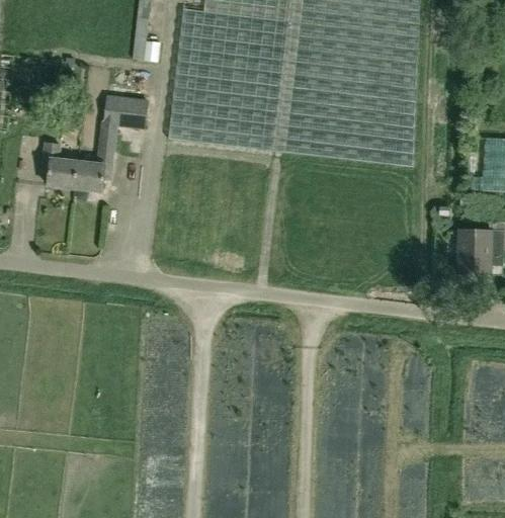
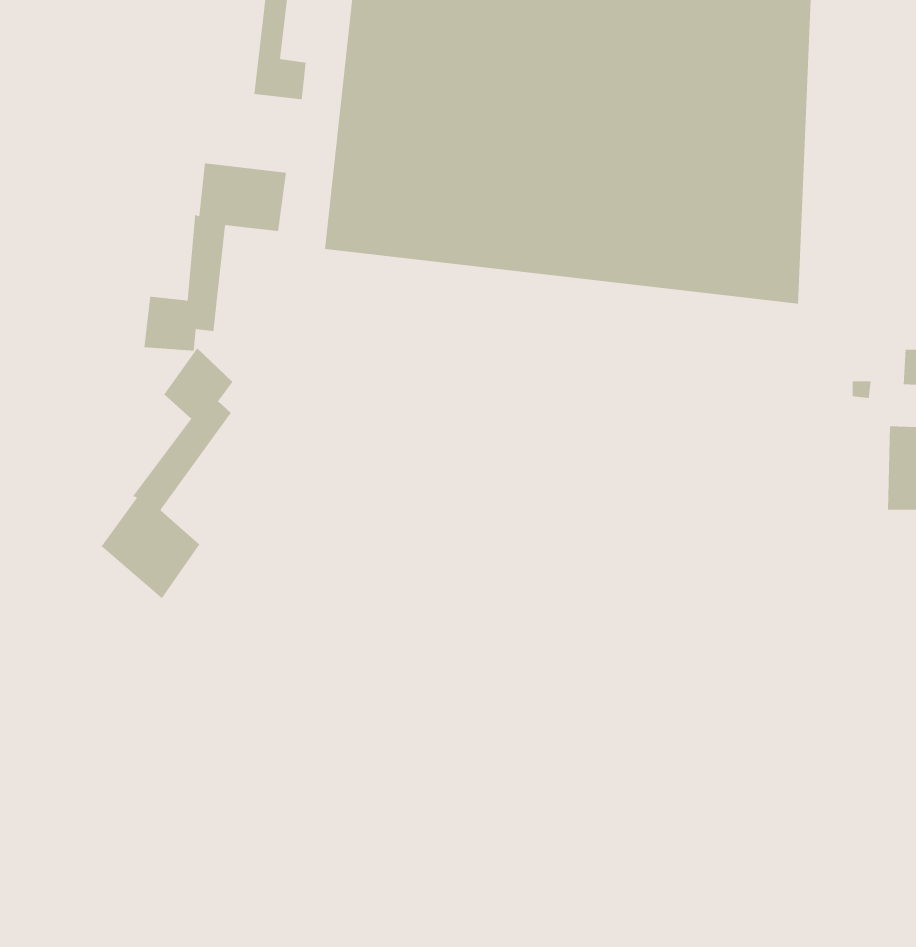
building: [40,142,78,189] -> none
building: none -> [101,348,233,599]

